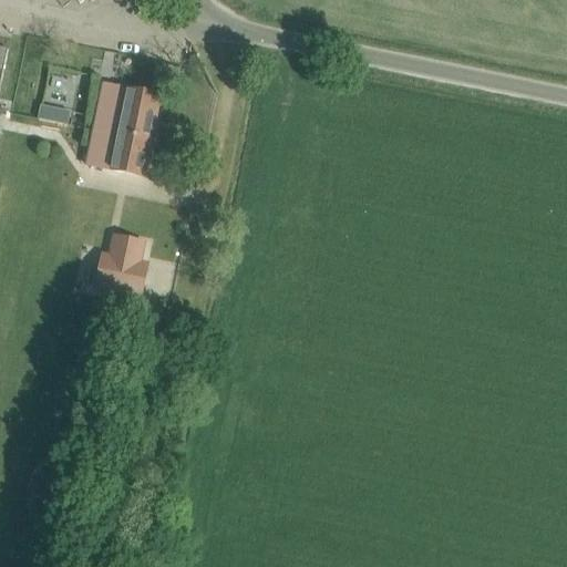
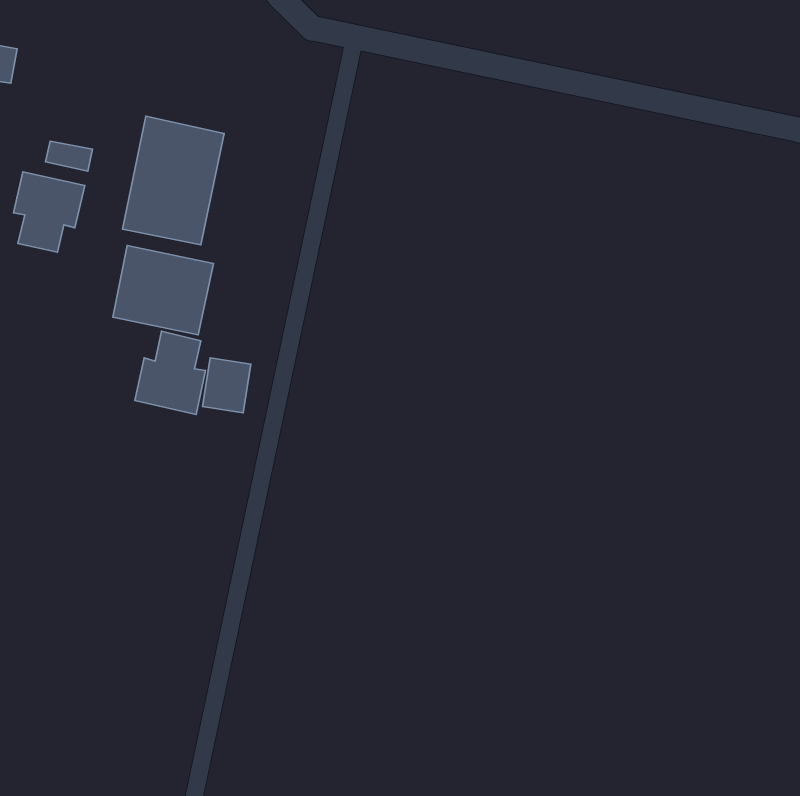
building: none -> [13,172,85,252]
building: none -> [113,245,214,335]

